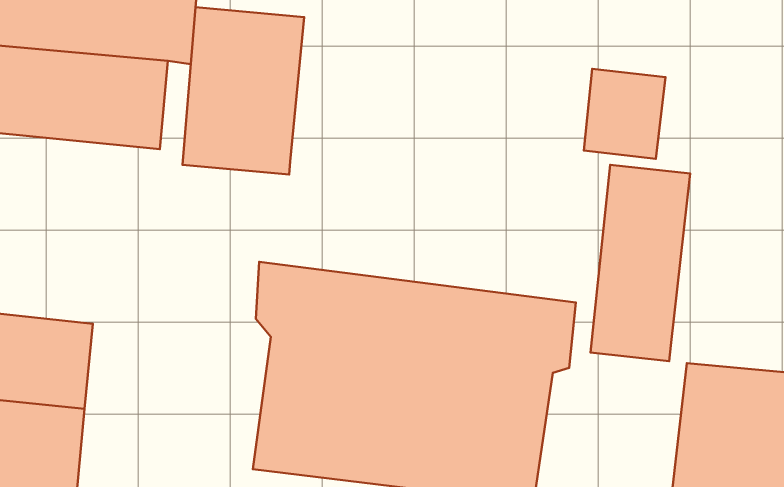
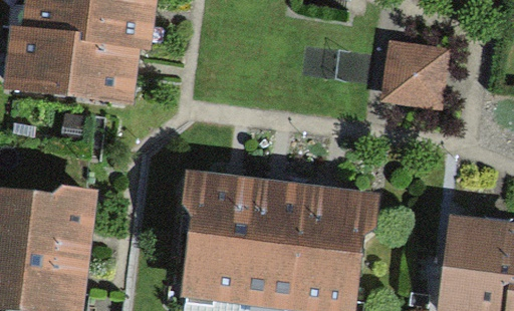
building: [183,7,304,175] -> none
building: [590,165,690,361] -> none

